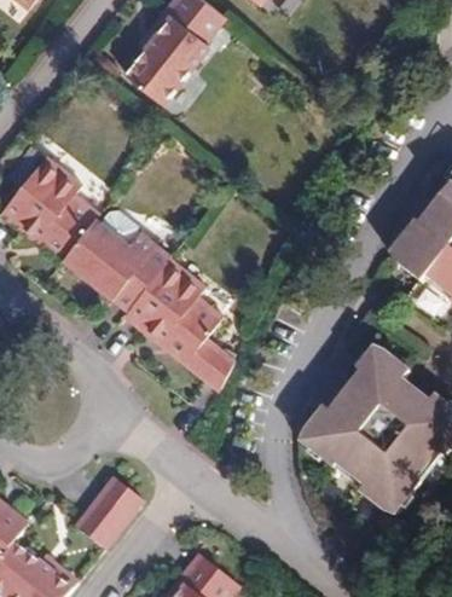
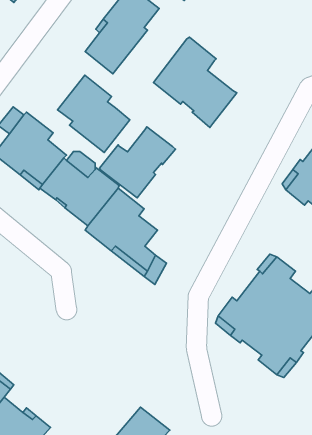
building: none -> [154,37,237,127]
building: none -> [58,75,130,153]
building: none -> [99,127,176,198]
building: [75,475,144,549] -> none

